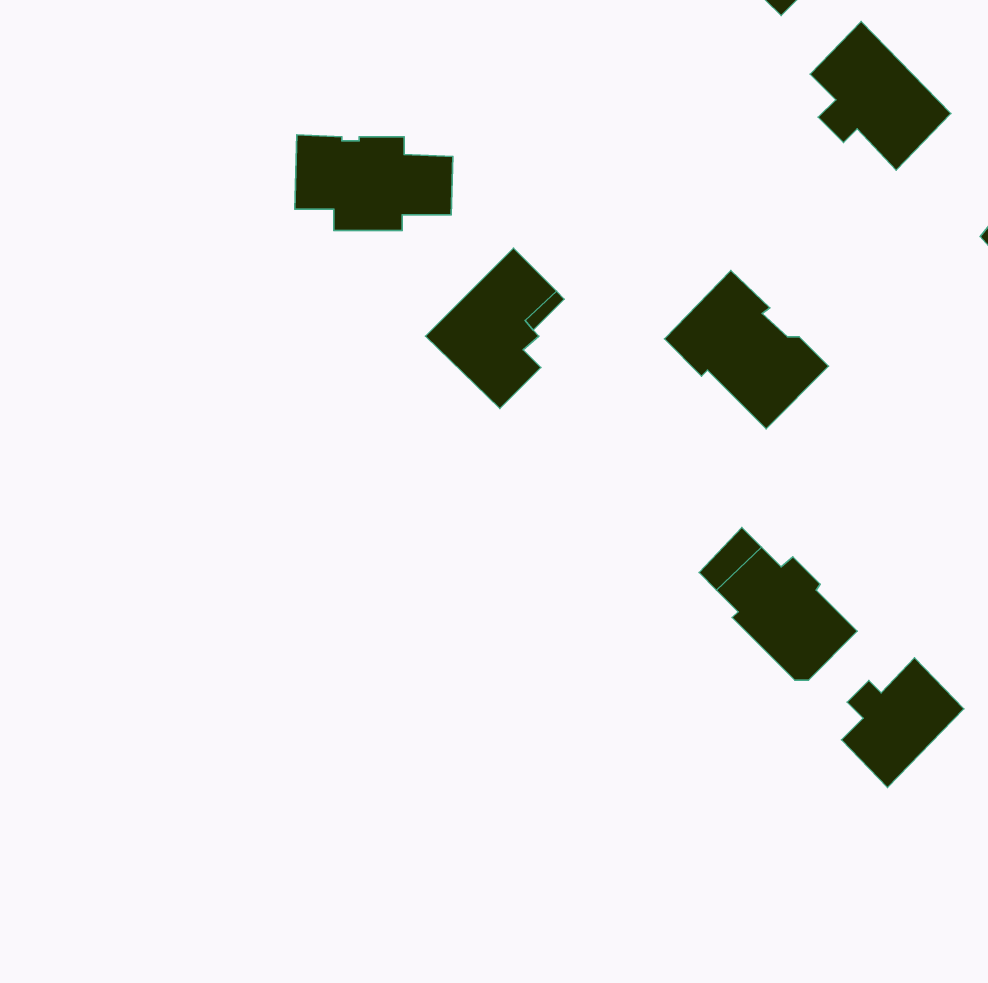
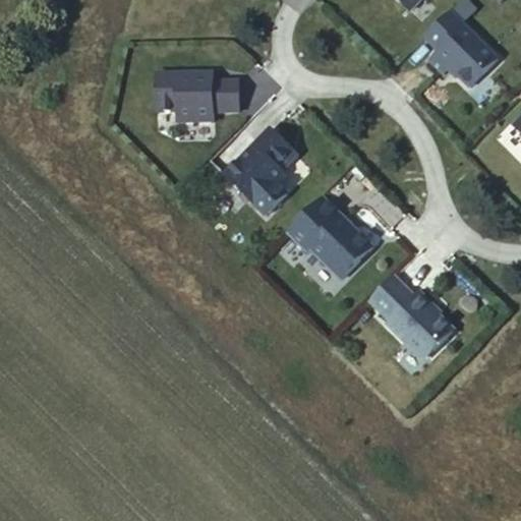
building: [664,271,828,429] -> [285,195,370,278]
building: [841,658,964,787] -> none

